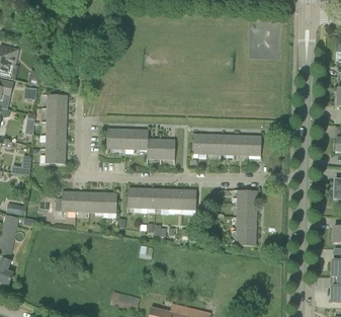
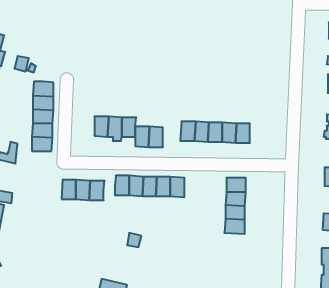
building: [55,190,76,215] -> none

